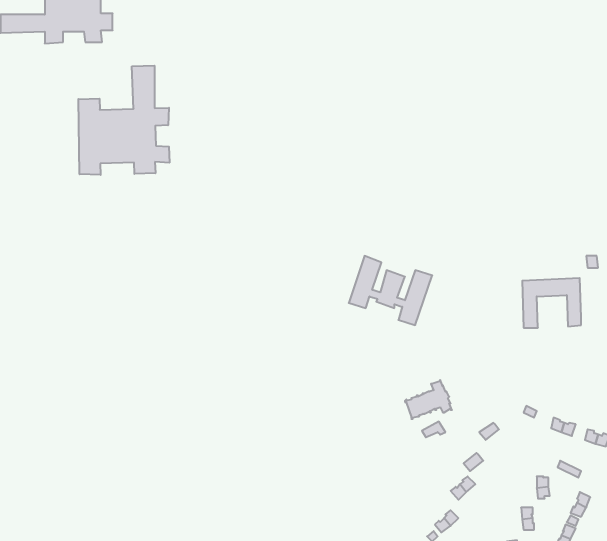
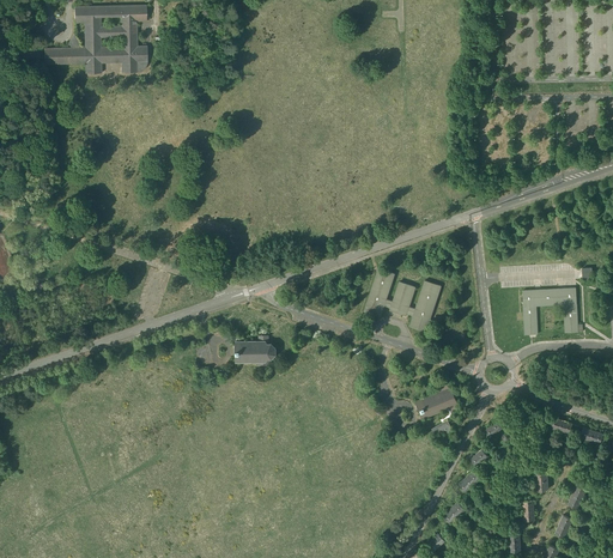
building: [78,66,169,175] -> none
building: none -> [235,335,275,368]

